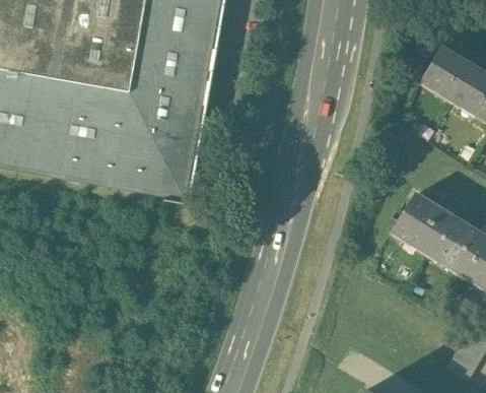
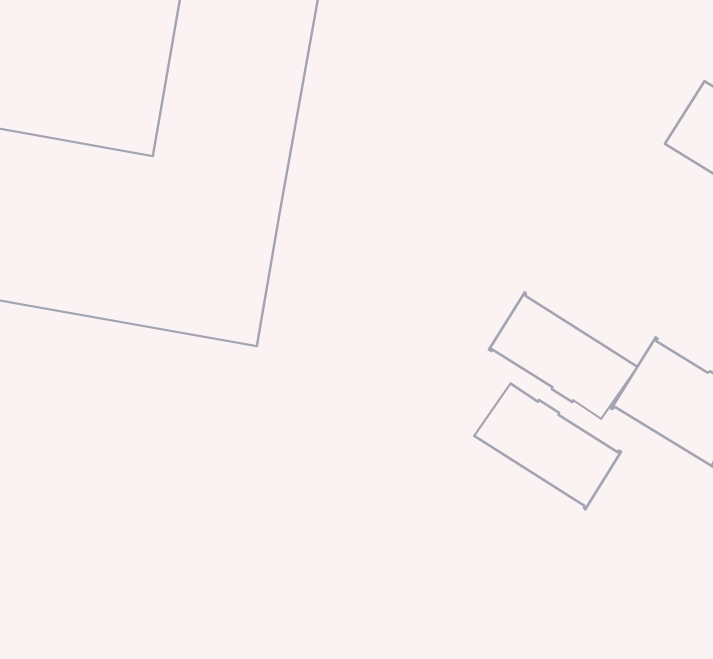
building: none -> [489,292,637,419]
building: none -> [474,384,621,509]

